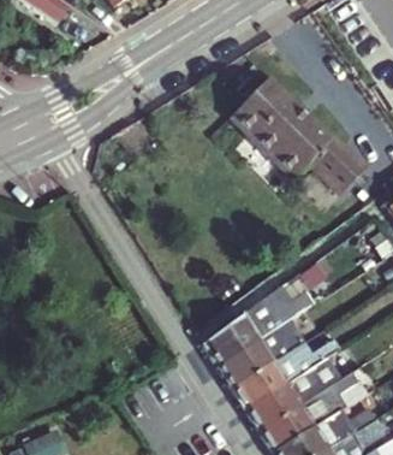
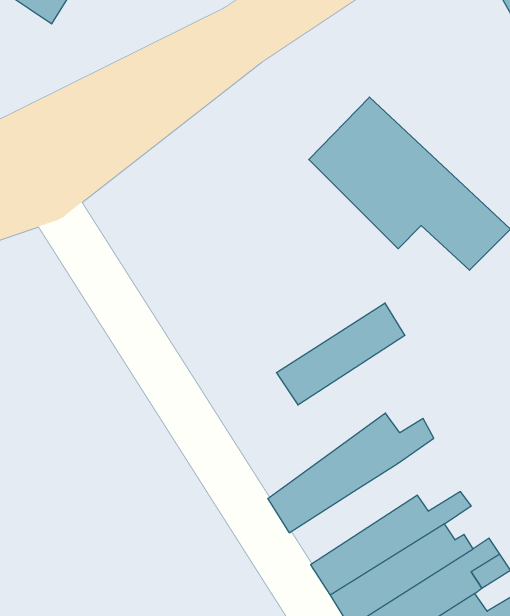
building: [216,319,303,388] -> [276,303,405,405]

